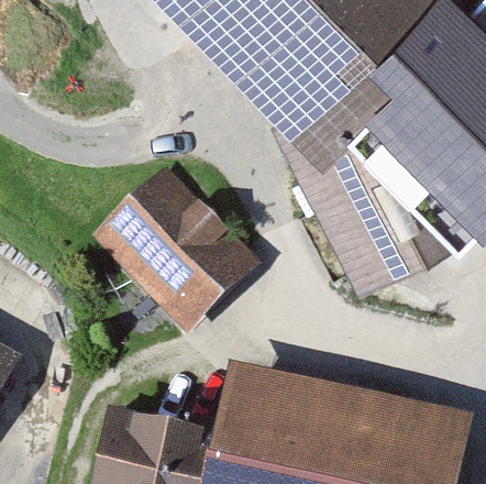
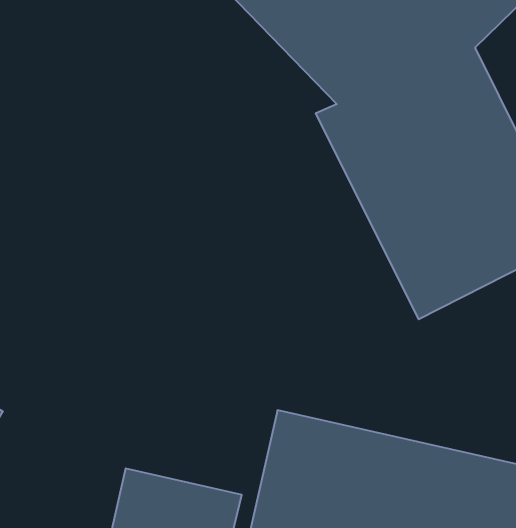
building: [92,169,266,342] -> none

